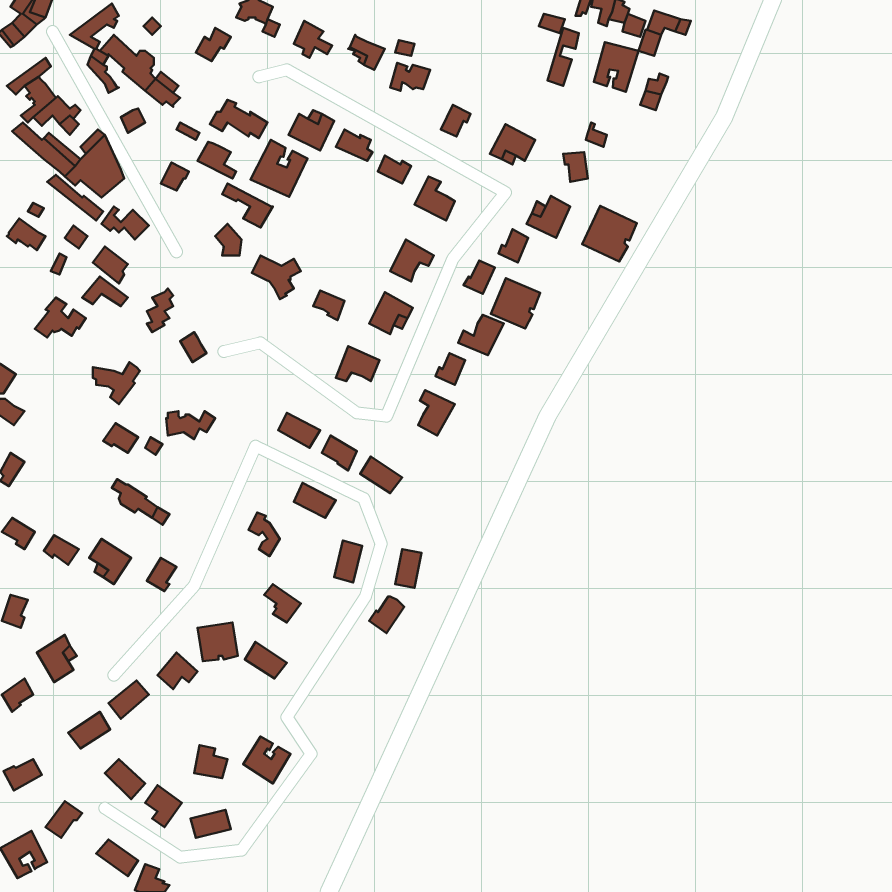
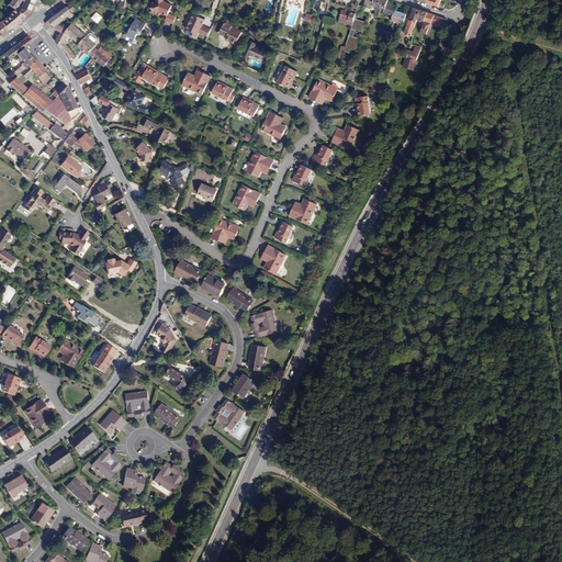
building: [594,42,638,92] -> none
building: [250,140,307,197] -> none
building: [582,206,637,261] -> none
building: [491,278,540,328] -> none
building: none -> [250,308,277,336]
building: none -> [213,398,244,428]
building: none -> [91,448,122,479]

